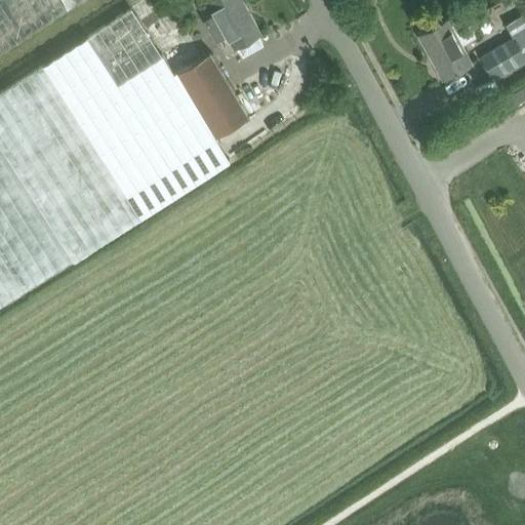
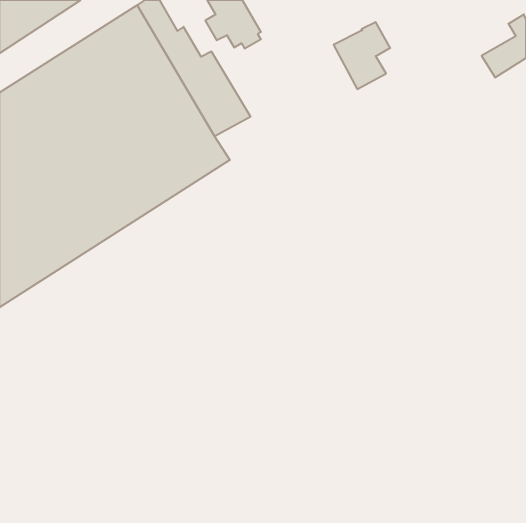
building: [418,15,475,82] -> [334,22,390,89]

